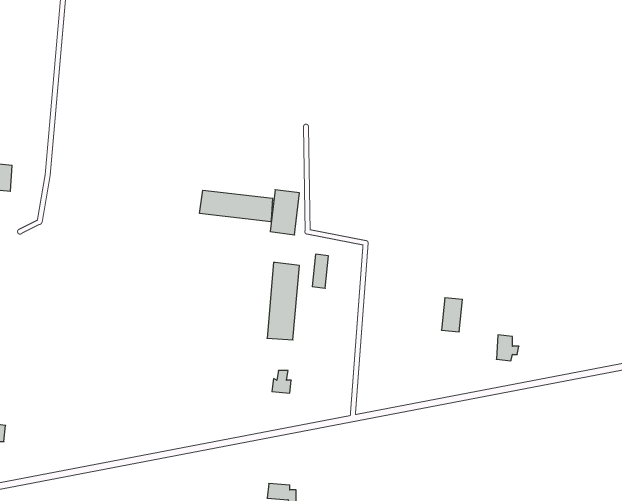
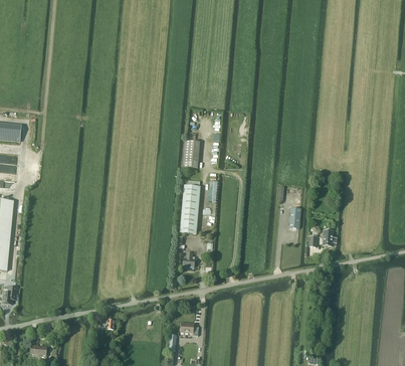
building: [200,190,273,222] -> none

